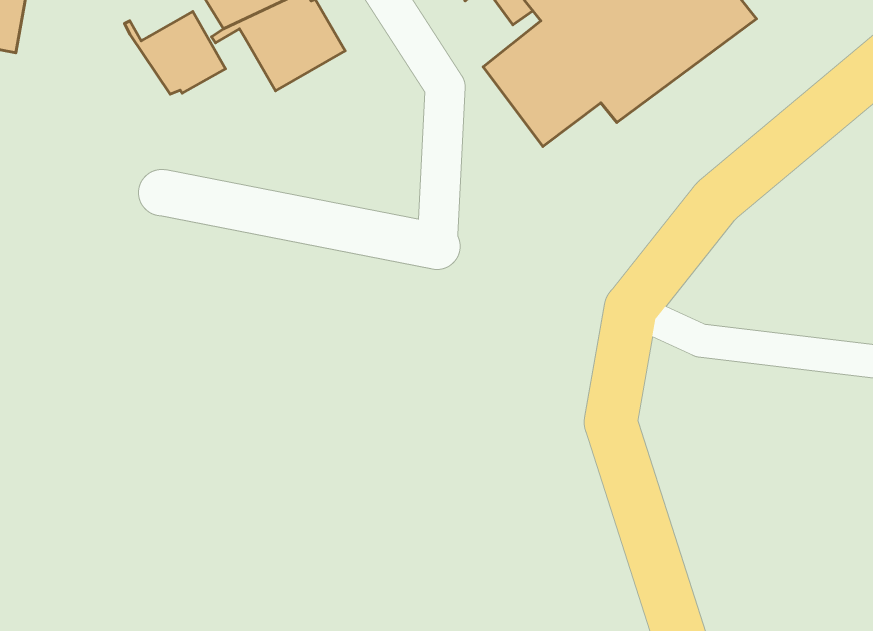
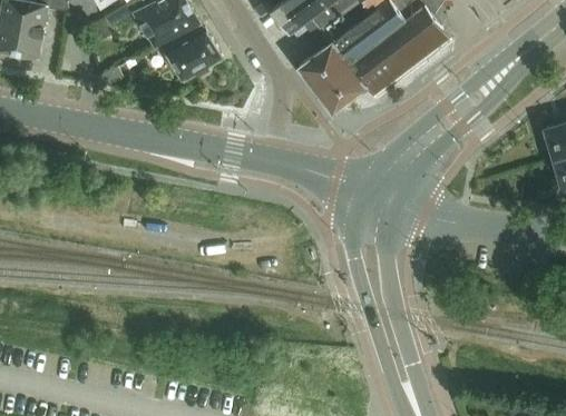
building: [125,12,225,94] -> none

